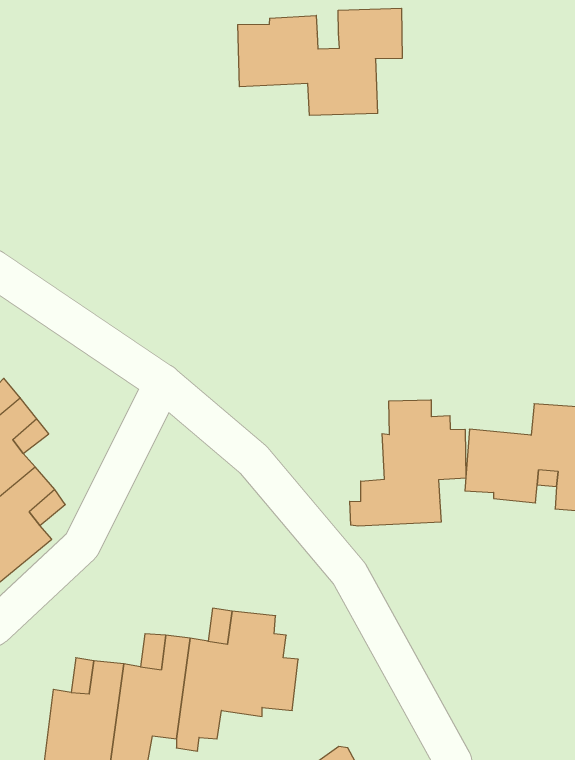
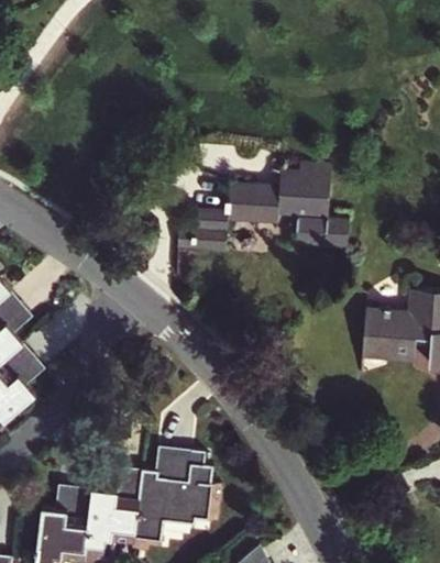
building: [238,8,402,115] -> none
building: none -> [180,161,353,250]
building: [350,400,466,526] -> none

